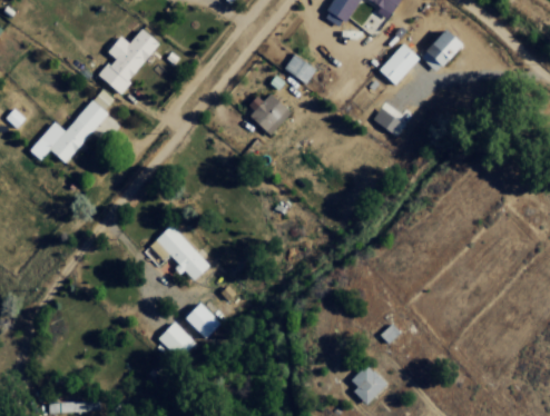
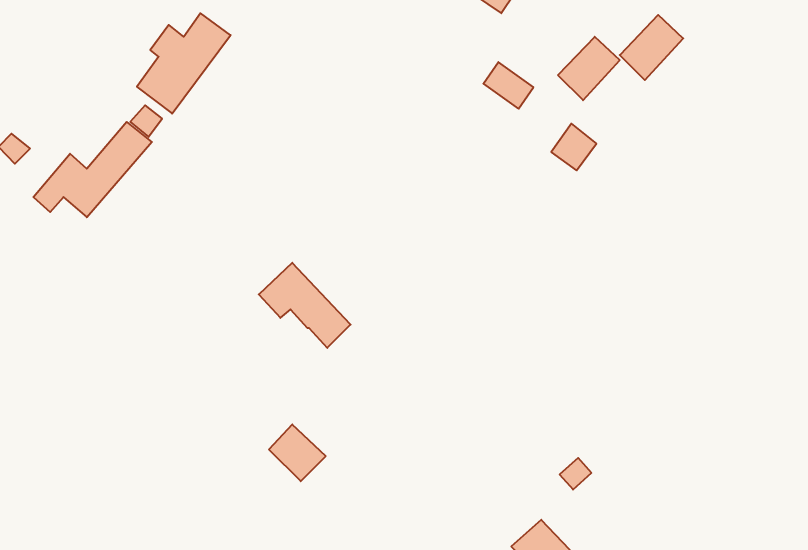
building: [284,53,317,85] -> [483,62,533,109]
building: [244,93,292,135] -> none
building: [149,225,210,281] -> [259,263,351,348]
building: [160,321,200,361] -> none

